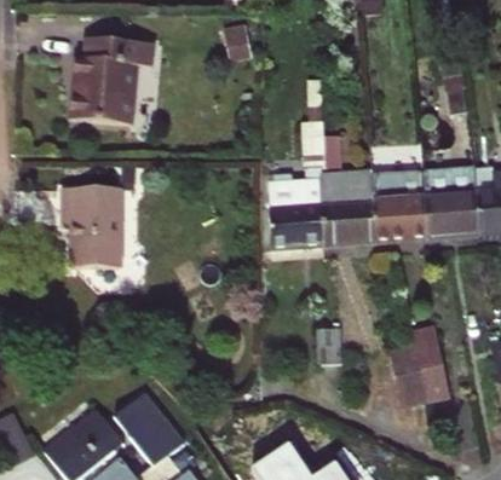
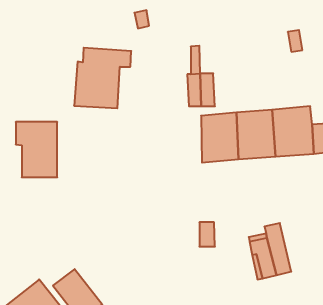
building: [73,36,152,121] -> [74,48,131,108]
building: [269,180,323,249] -> none

